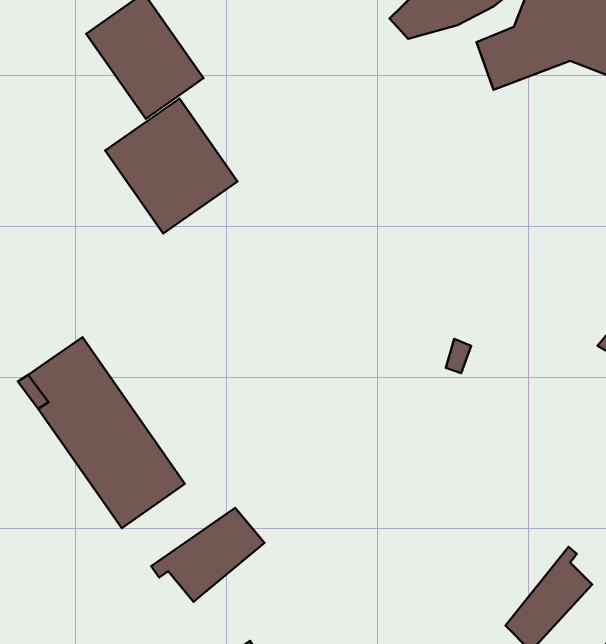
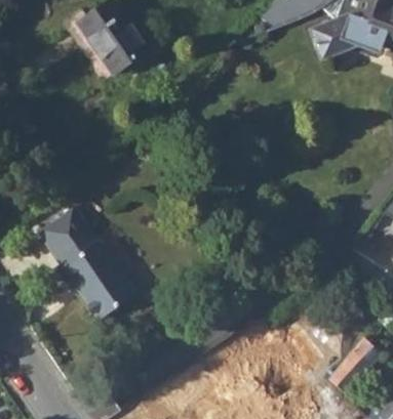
building: [105,99,238,233] -> none
building: [151,508,264,602] -> none

